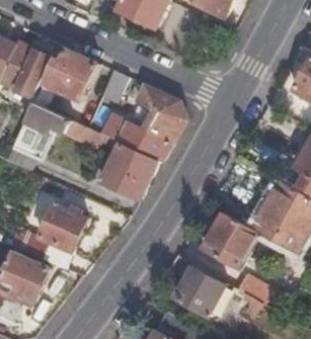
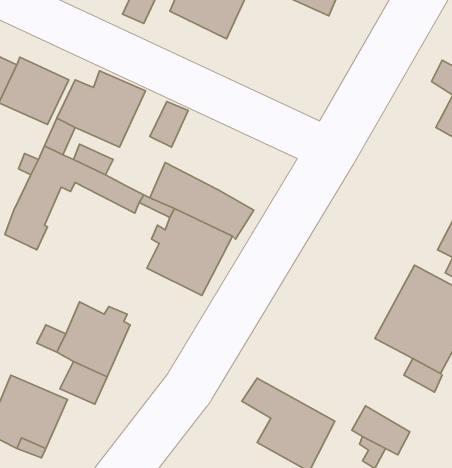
building: [137,85,185,144] -> none
building: [202,213,257,269] -> none

